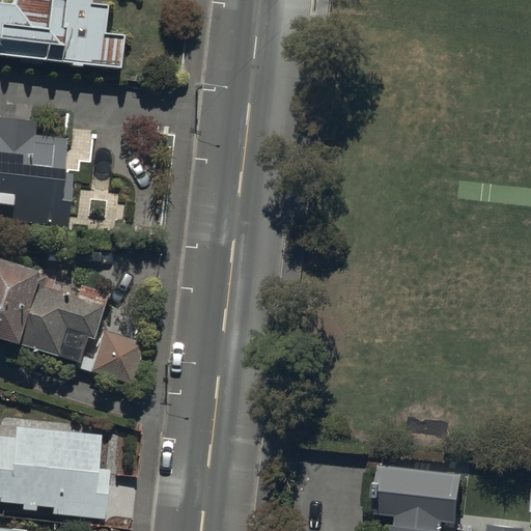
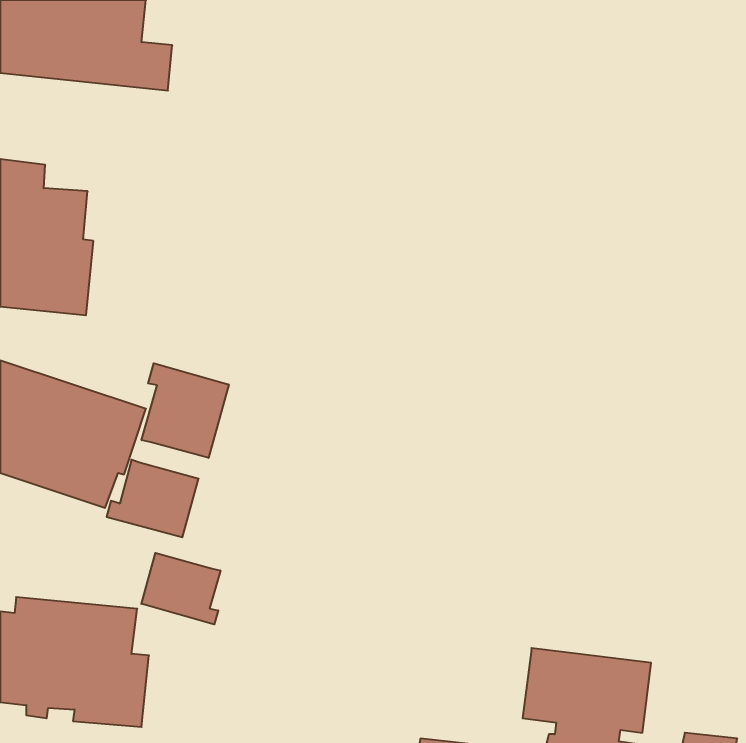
building: none -> [142,363,229,458]
building: none -> [141,553,220,624]

